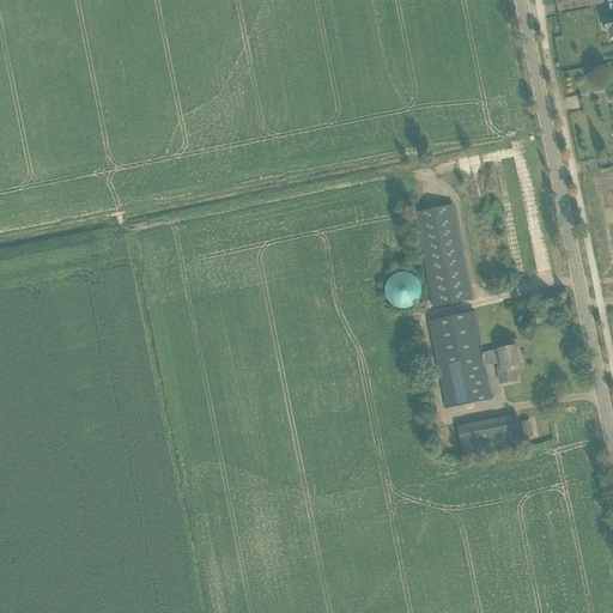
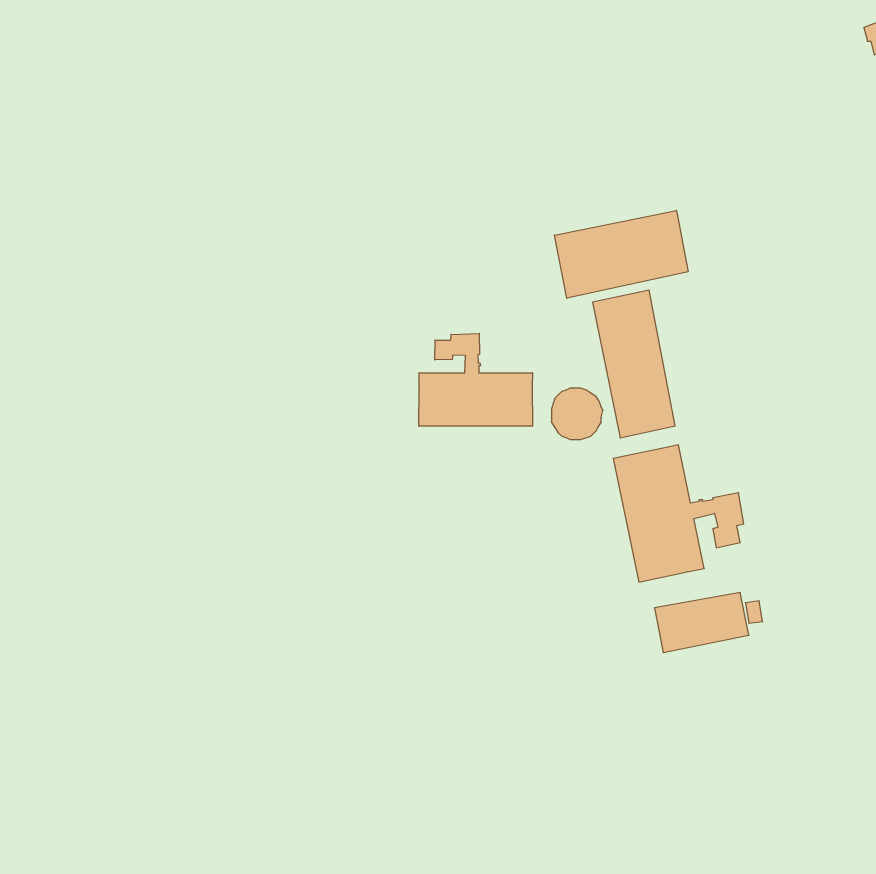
building: none -> [555,210,688,298]
building: none -> [419,333,532,426]

